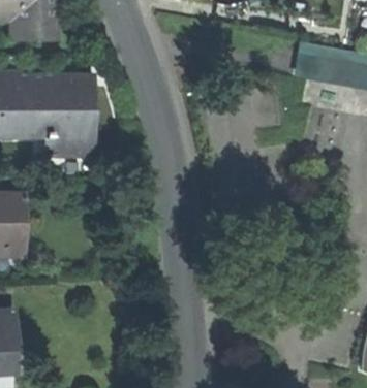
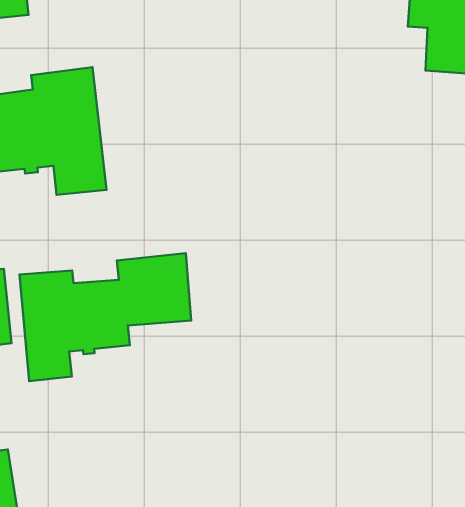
building: none -> [20,253,191,381]

